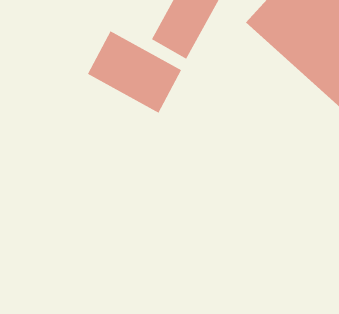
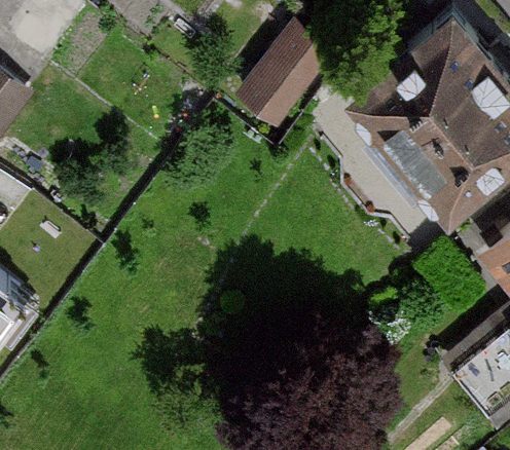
building: [87,30,182,114] -> none

